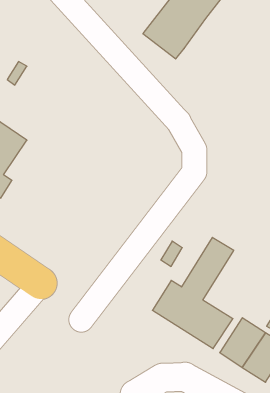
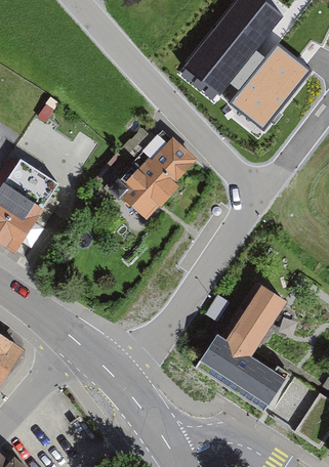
building: none -> [230,44,311,129]
building: none -> [110,131,194,222]

